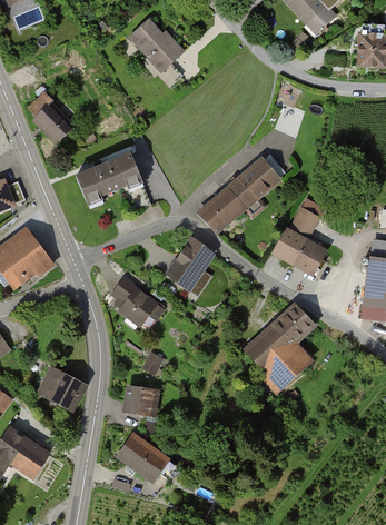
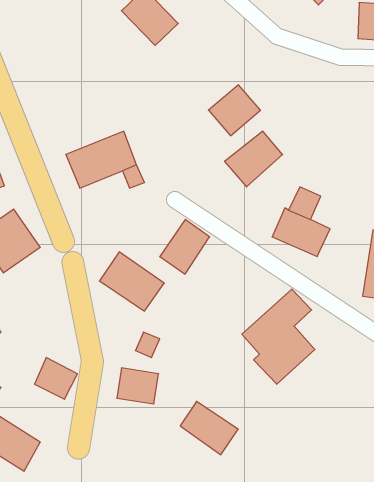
building: [31,103,71,143] -> none
building: [198,184,248,232] -> [208,85,260,136]
building: [117,433,172,484] -> [180,401,238,455]

